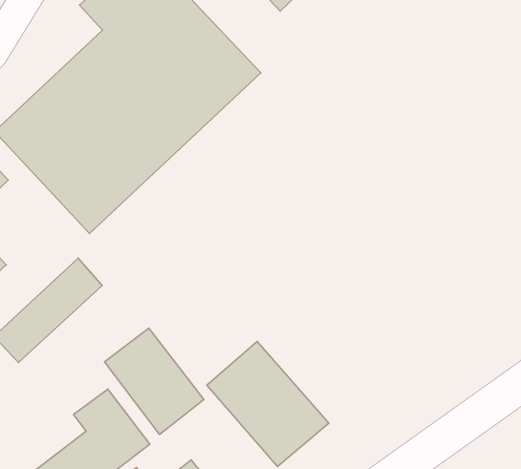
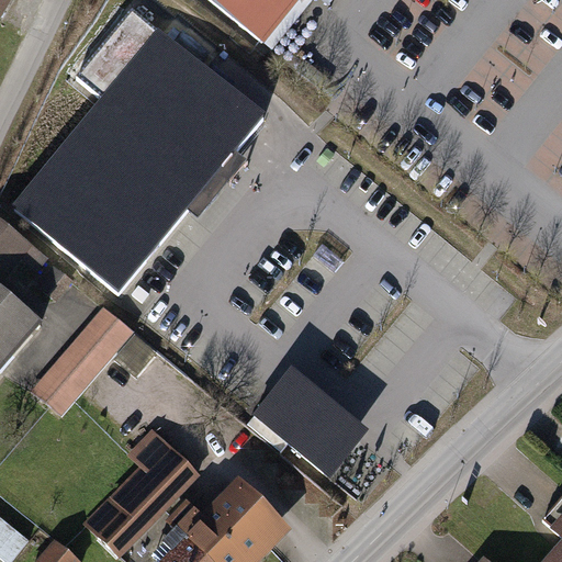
building: [105,328,204,435] -> none

